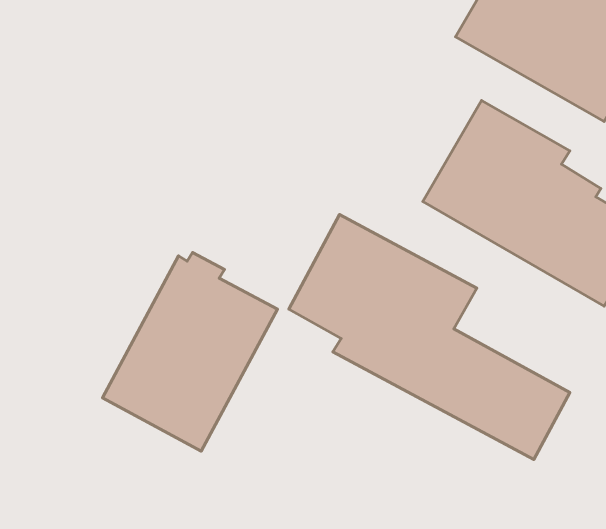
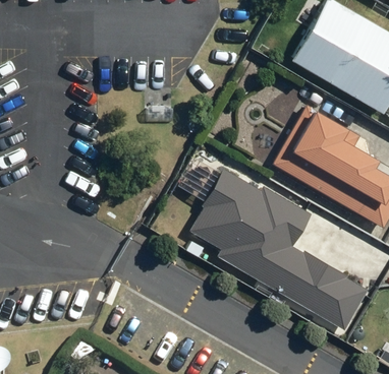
building: [102,252,277,451] -> none

